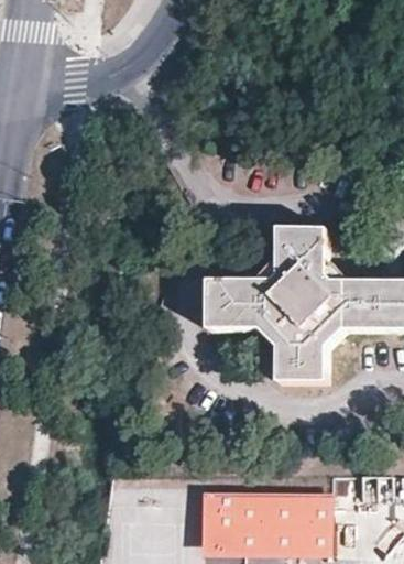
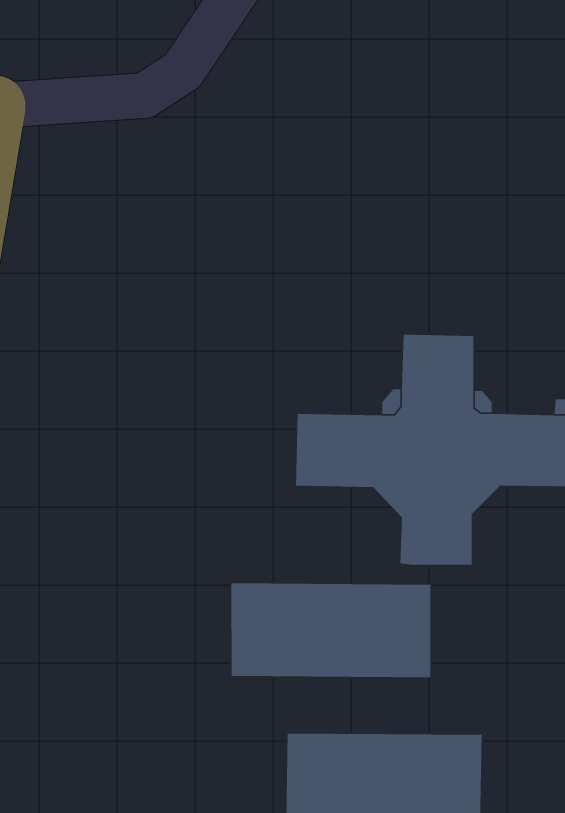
building: none -> [231,582,431,678]

